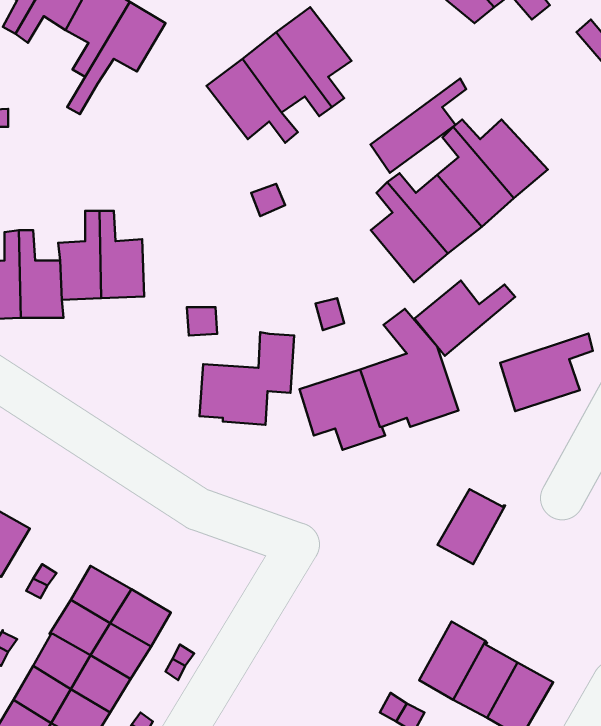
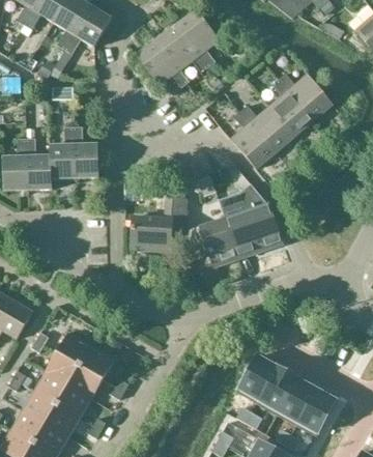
building: [370,79,466,173] -> none
building: [415,280,515,356] -> none
building: [500,334,593,411] -> none
building: [437,489,505,564] -> [237,355,277,399]

